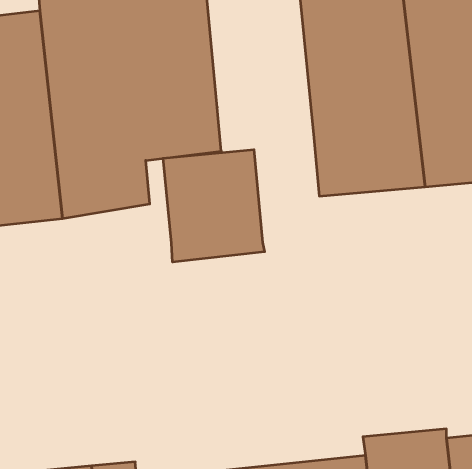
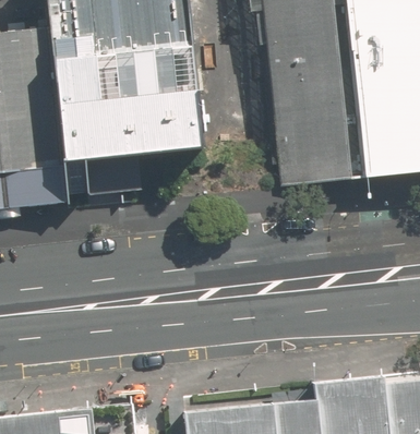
building: [163,150,265,262] -> none

